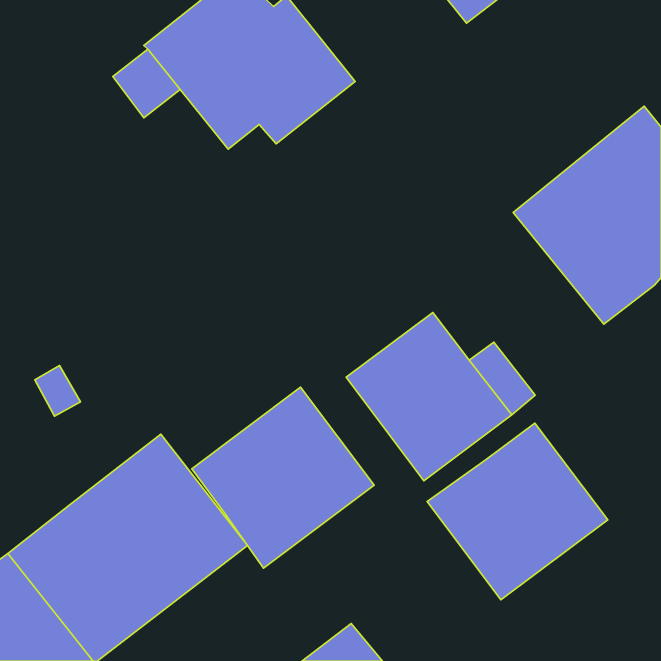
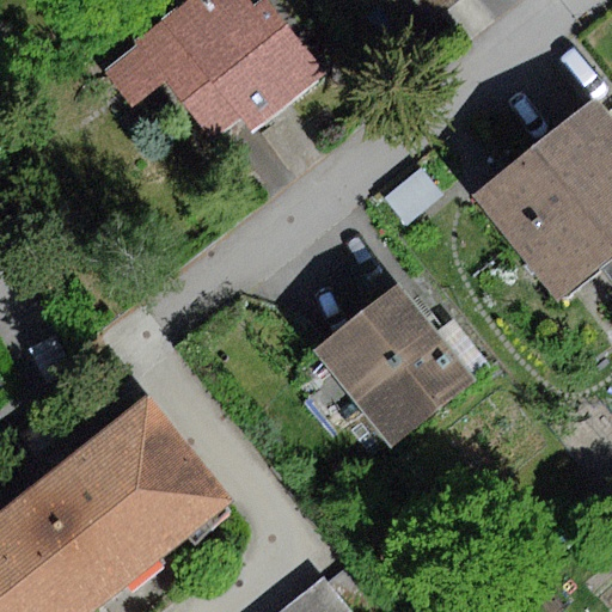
building: [192,387,374,568] -> none
building: [427,423,608,600] -> none

